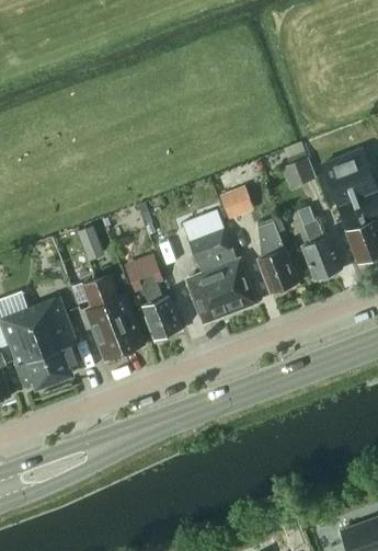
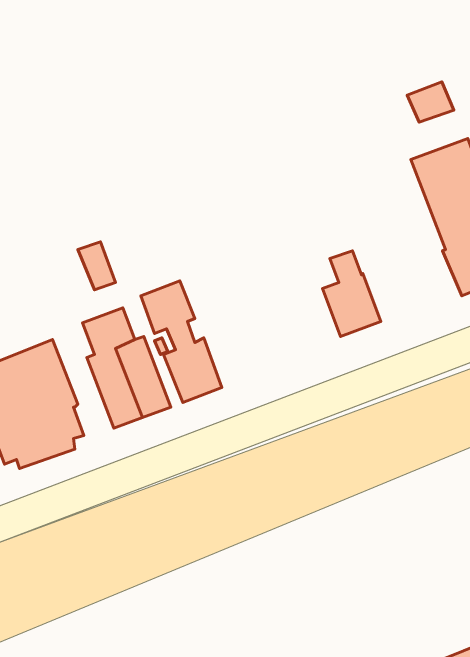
building: [280,157,314,186] -> [407,82,454,122]
building: [219,185,253,218] -> none
building: [181,211,259,324] -> none
building: [300,219,343,279] -> none

